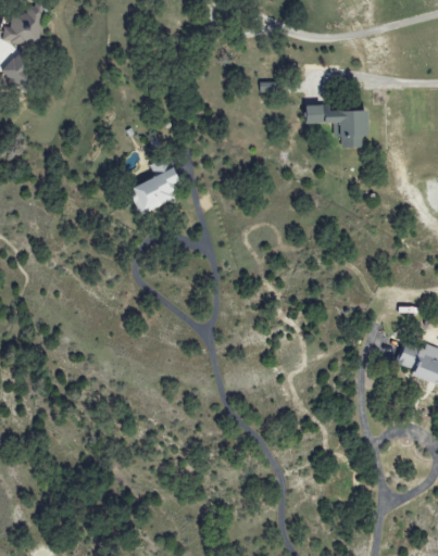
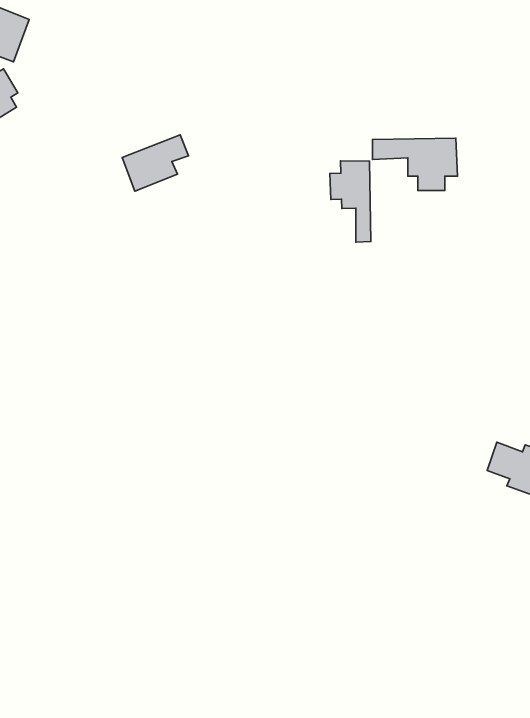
building: none -> [330,161,371,242]
building: [132,168,183,212] -> [122,135,189,191]

